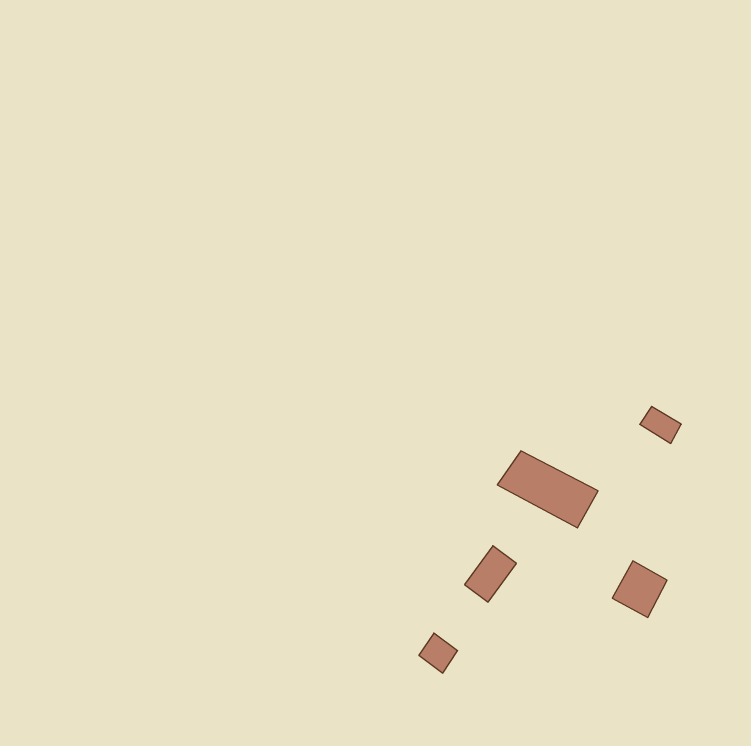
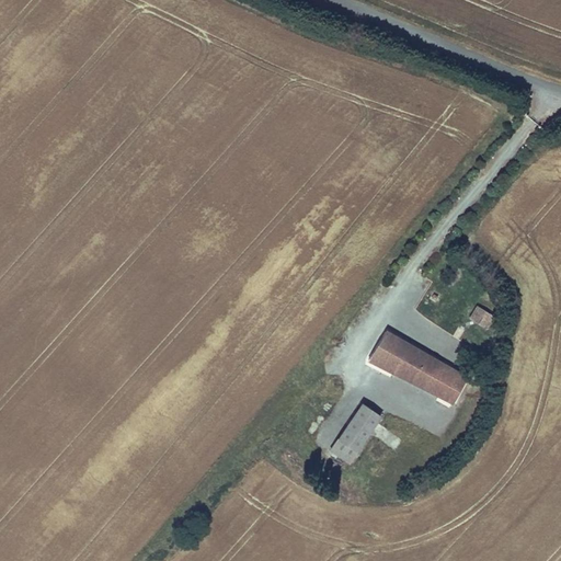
building: [612,561,667,617] -> [426,363,467,404]
building: [419,633,458,673] -> [332,432,360,461]

